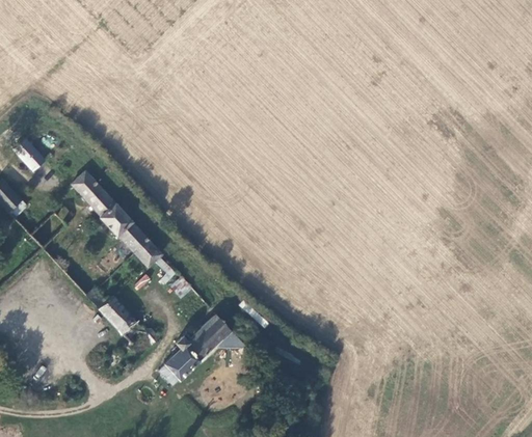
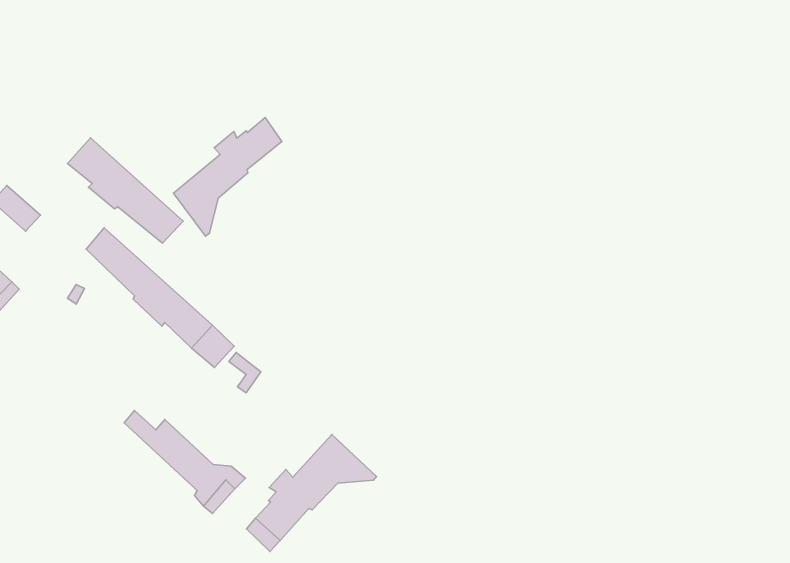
building: none -> [173,118,282,236]
building: none -> [68,138,183,243]

